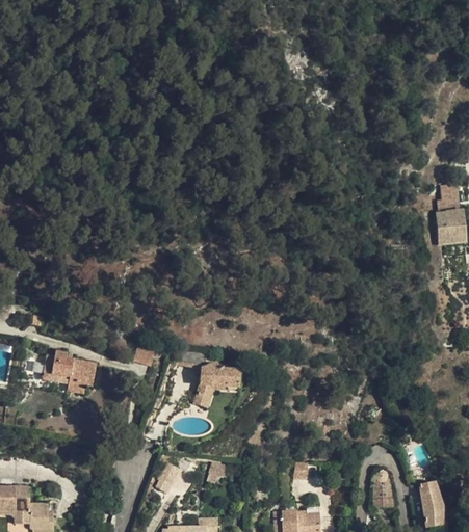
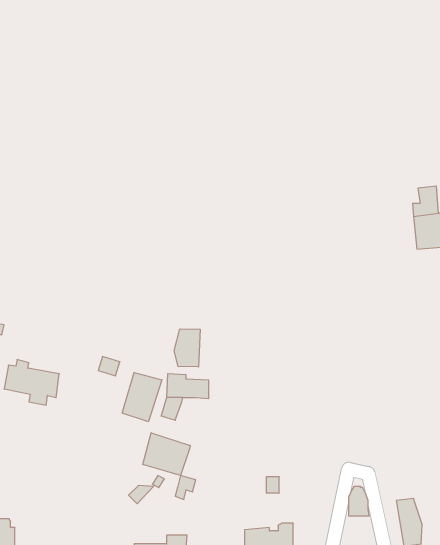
building: none -> [174,329,200,367]
building: none -> [122,372,162,422]
building: none -> [143,433,190,476]

